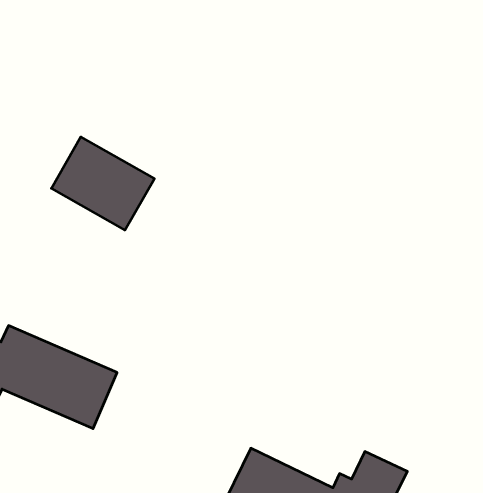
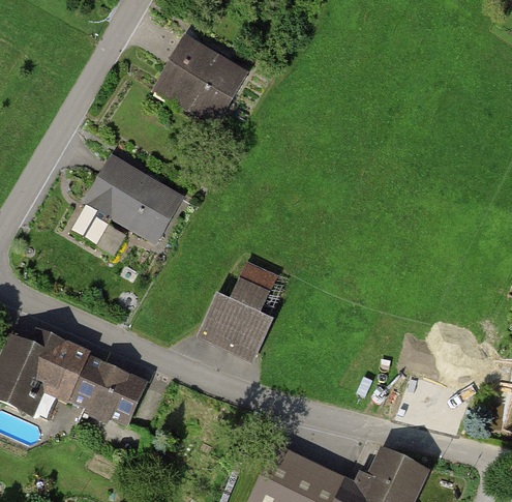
building: none -> [154,37,245,123]
building: none -> [193,263,278,366]

